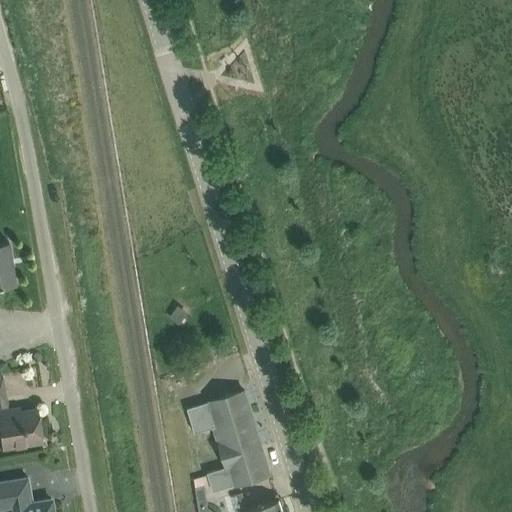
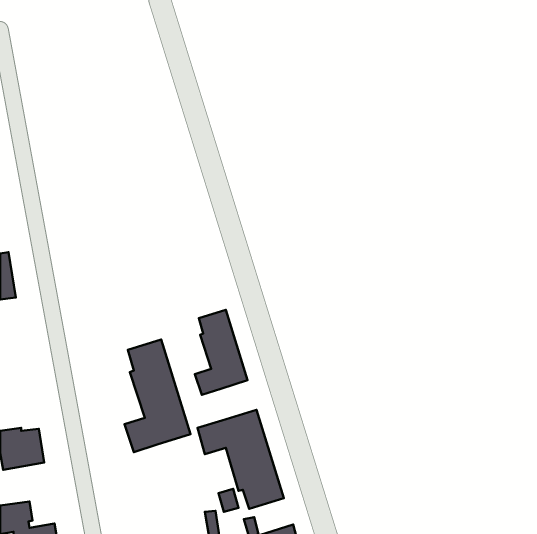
building: none -> [195,310,248,395]
building: none -> [124,339,191,452]

